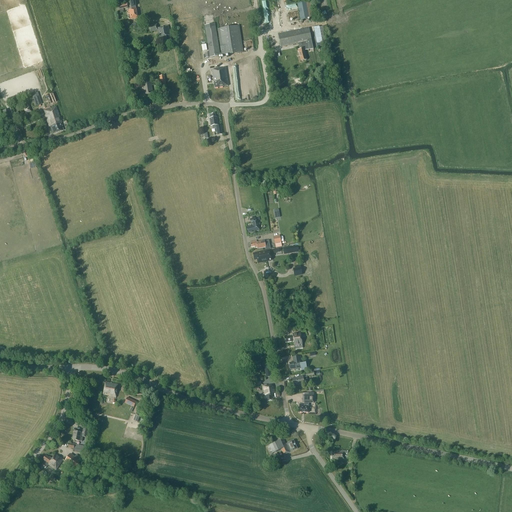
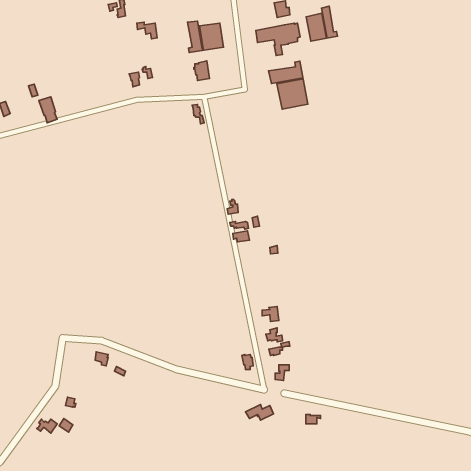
building: none -> [306,6,337,41]
building: none -> [268,61,308,109]

